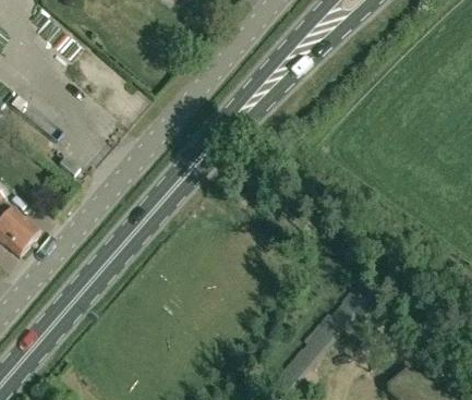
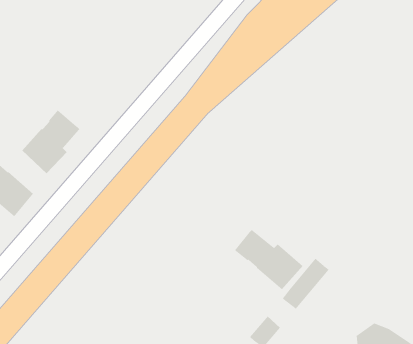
building: none -> [21,110,80,174]
building: none -> [234,229,304,290]

